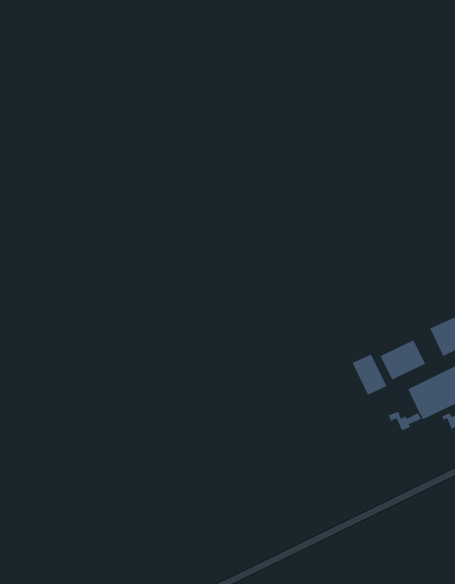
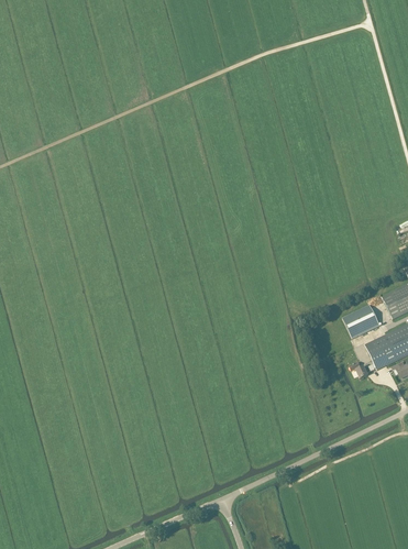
building: [351,353,387,396] -> none

